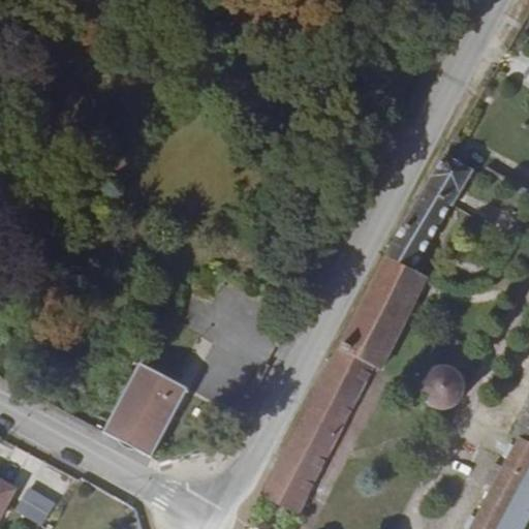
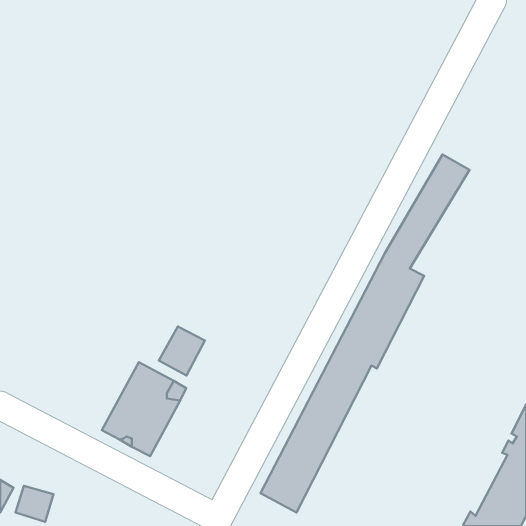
building: none -> [159,326,205,375]
building: [421,366,465,410] -> none

